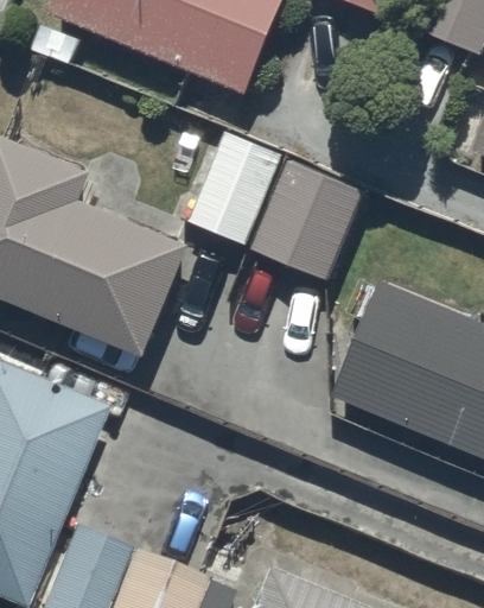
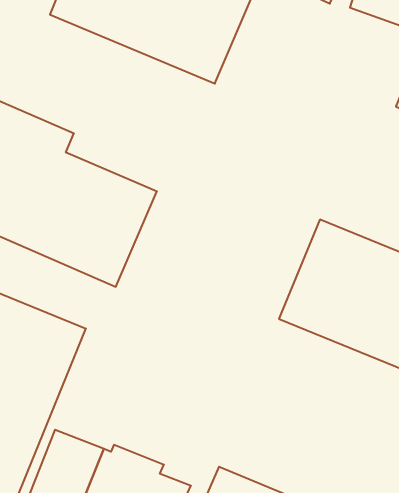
building: [192,132,369,280] -> none

